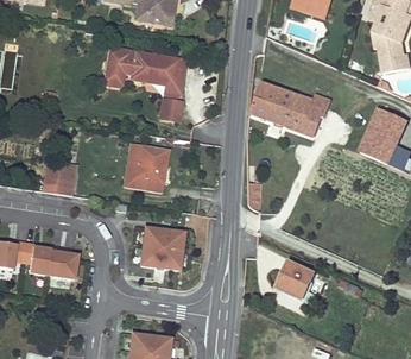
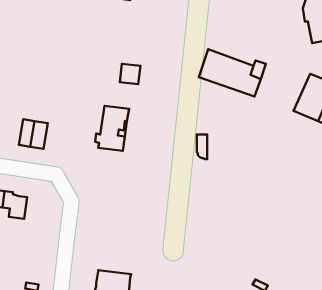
building: [105,46,185,95] -> none
building: [143,229,185,271] -> none
building: [49,248,78,279] -> none
building: [278,260,314,297] -> none

